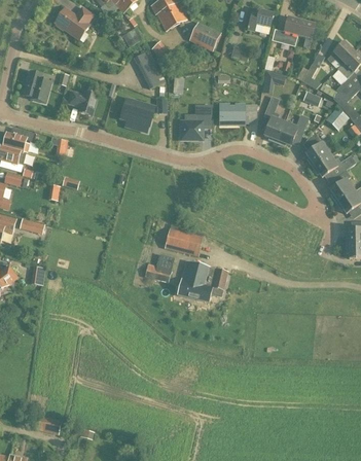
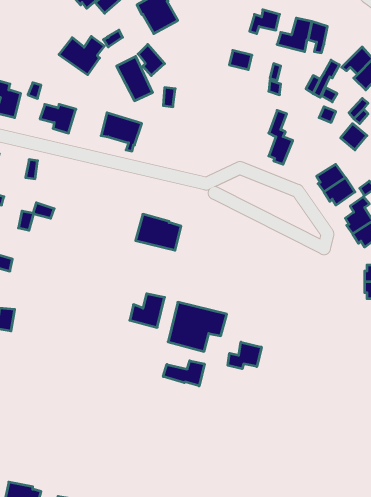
building: [53,6,93,39] -> [59,36,104,75]
building: [188,22,221,50] -> none
building: [219,102,248,123] -> none
building: [181,103,211,138] -> none
building: [276,114,308,146] -> none
building: [164,225,203,256] -> [136,214,181,250]
building: none -> [228,342,261,369]
building: none -> [163,361,204,386]

